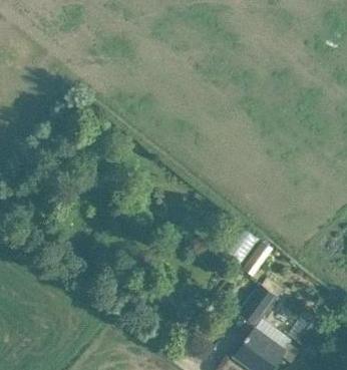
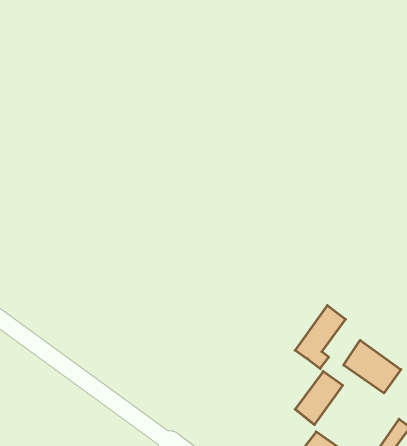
building: none -> [344,340,401,393]

